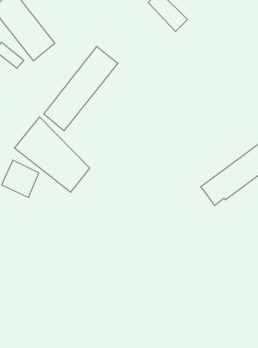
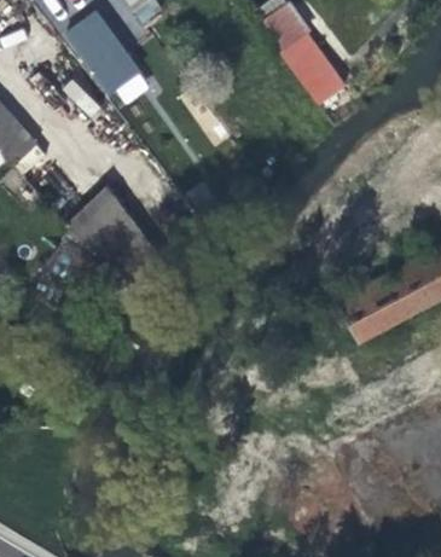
building: [44,46,118,131] -> none

